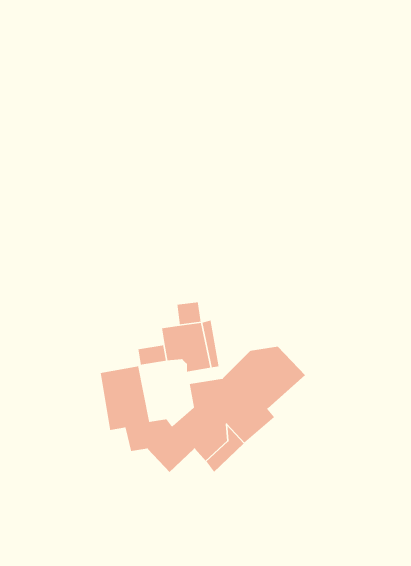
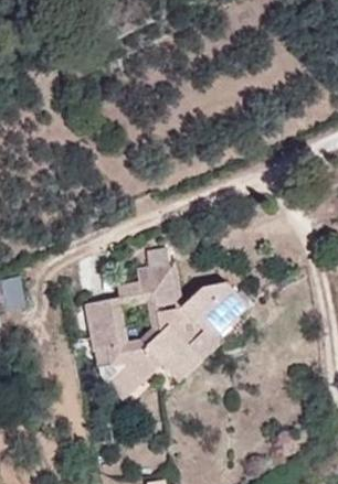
building: none -> [94,347,141,398]

